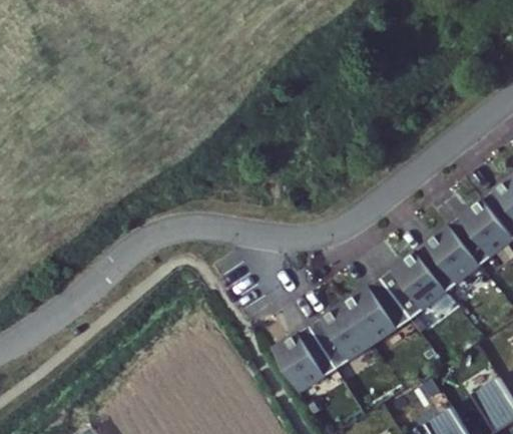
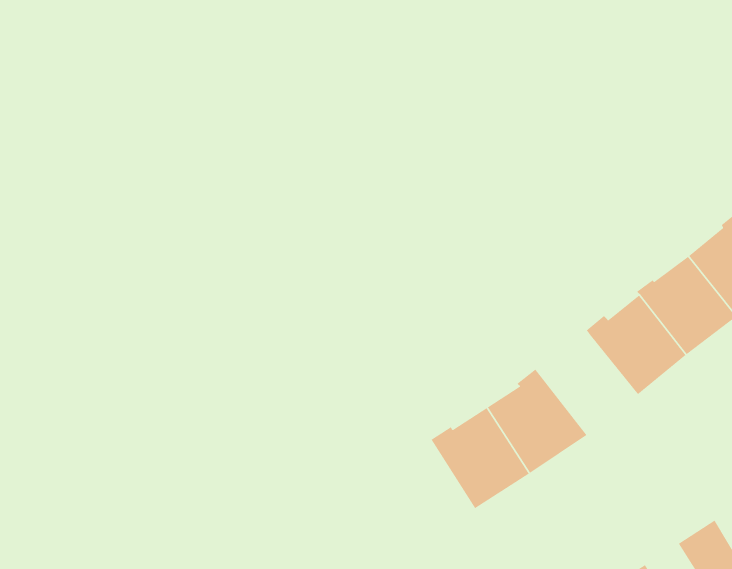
building: [377,253,446,321] -> none
building: [271,324,336,395] -> none

